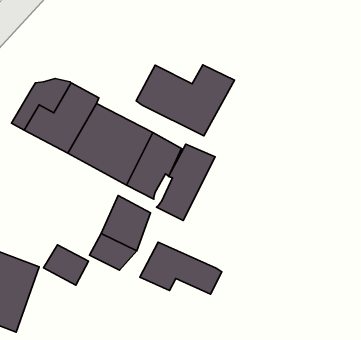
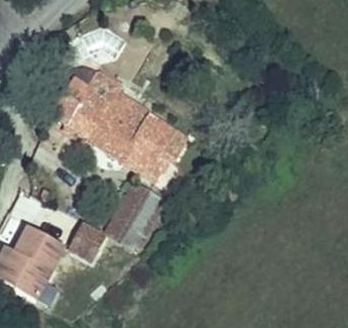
building: [136,65,234,136] -> none
building: [157,144,215,221] -> none
building: [140,242,222,294] -> none

